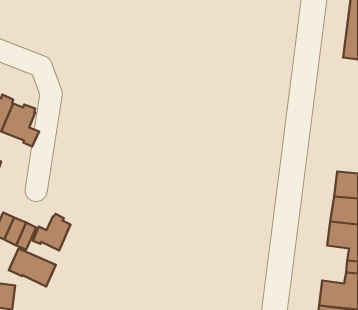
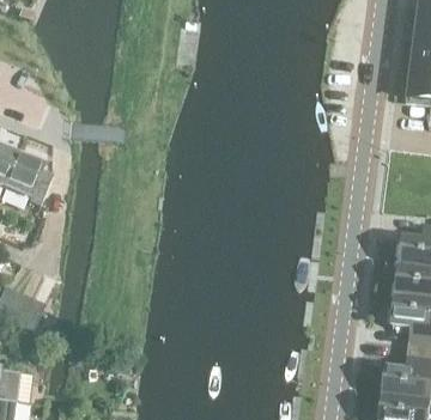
building: [33,214,71,250] -> none
building: [9,249,56,287] -> none

